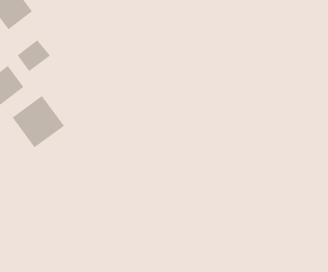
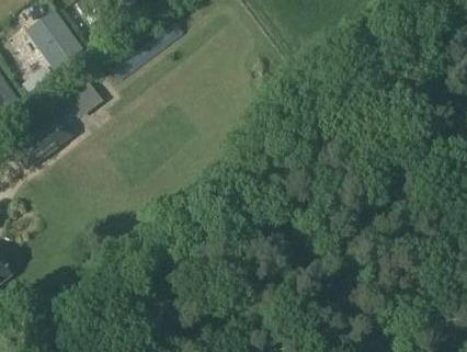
building: [12,95,65,148] -> none

